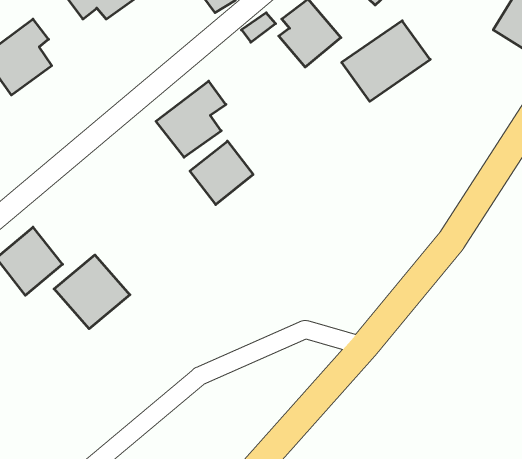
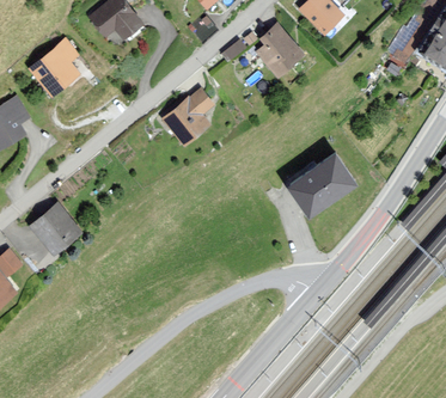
building: [342,21,430,101] -> [292,149,360,212]
building: [190,141,253,205] -> none
building: [54,255,130,329] -> none

